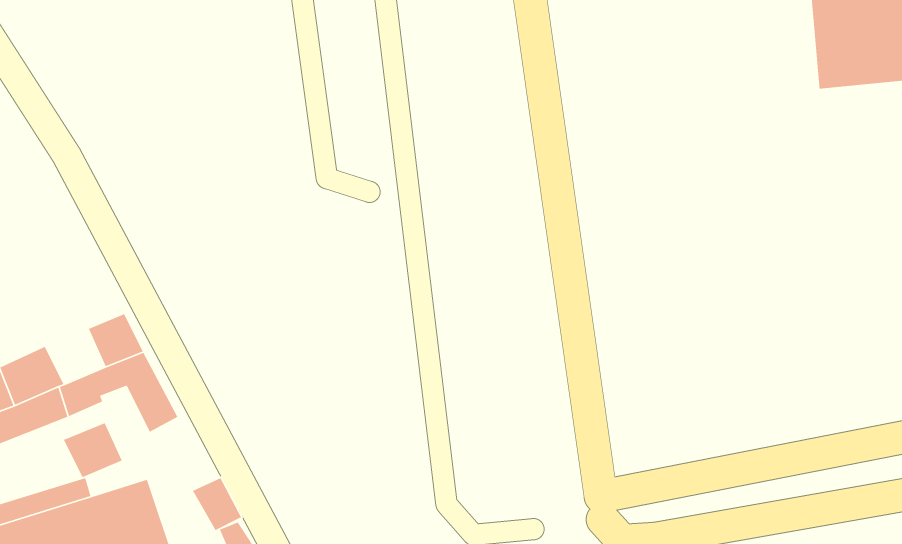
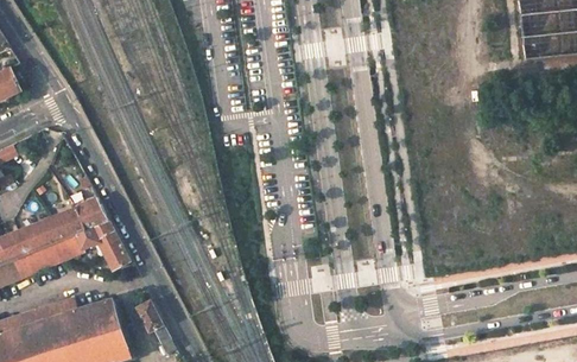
building: [63,422,123,478] -> [47,207,84,241]

